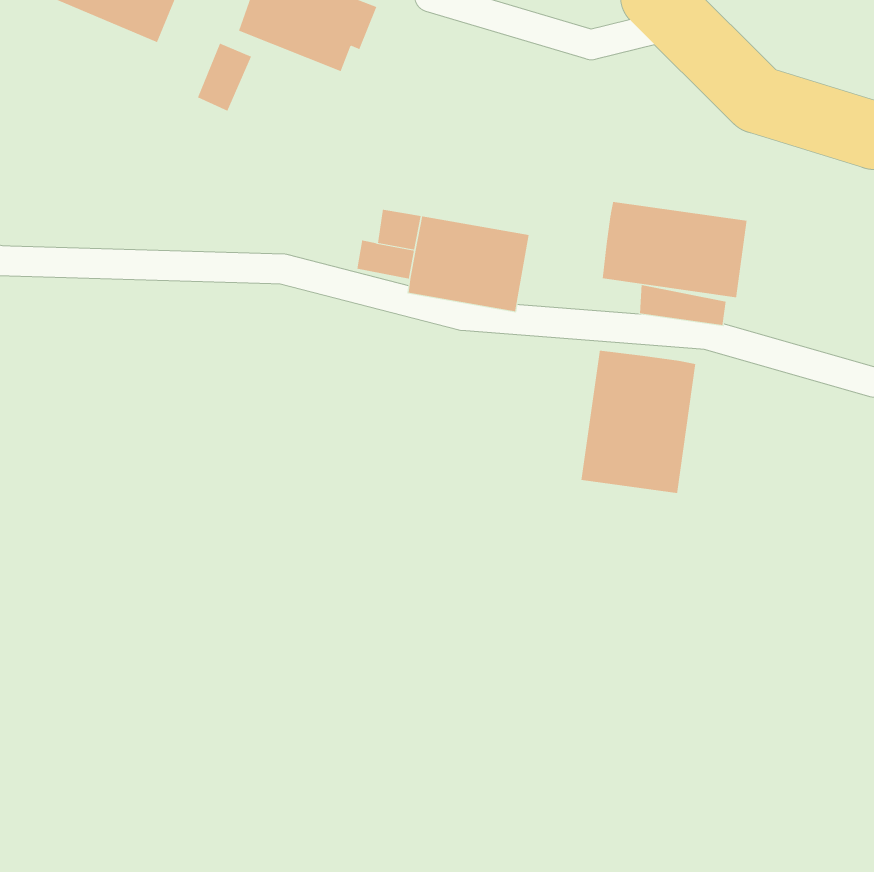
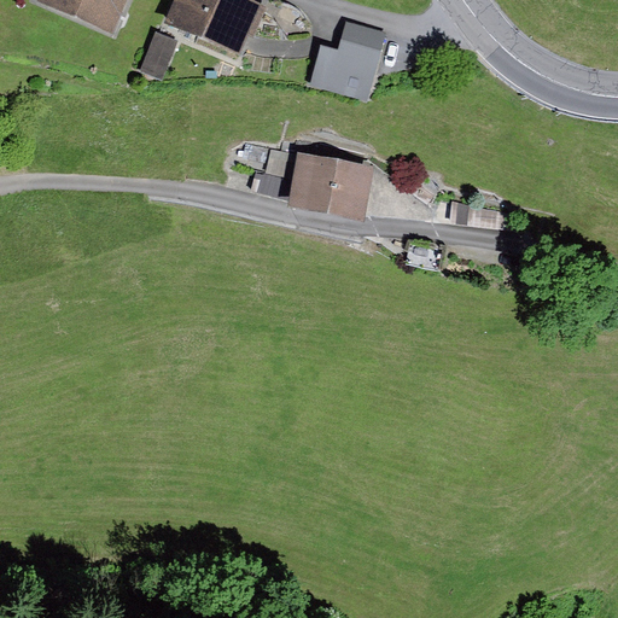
building: none -> [309,19,385,99]
building: [602,201,747,298] -> none
building: [581,350,696,494] -> none

